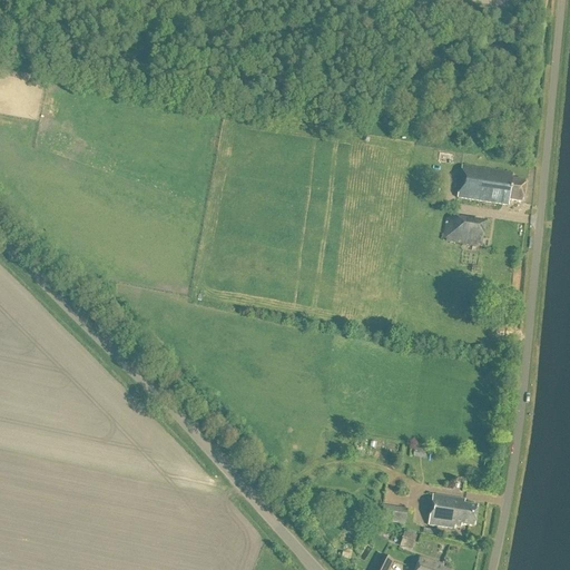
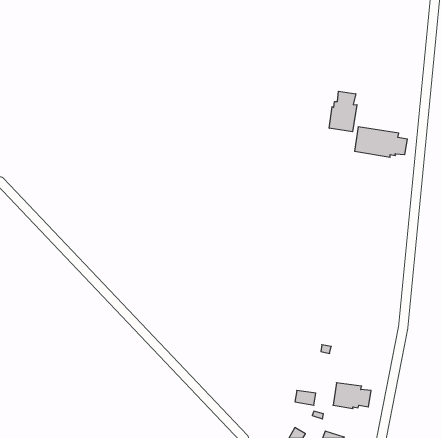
building: none -> [329,91,357,132]
building: [442,215,484,244] -> none

